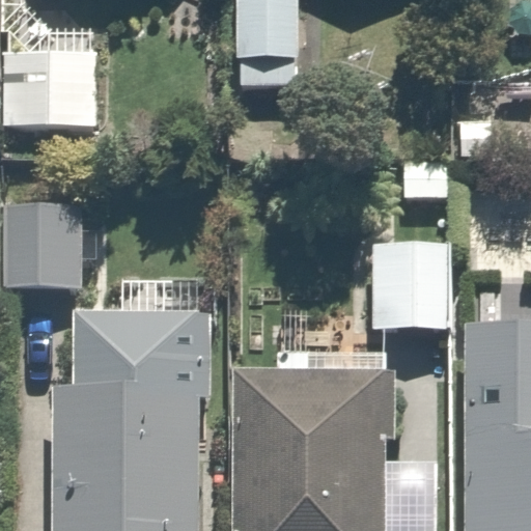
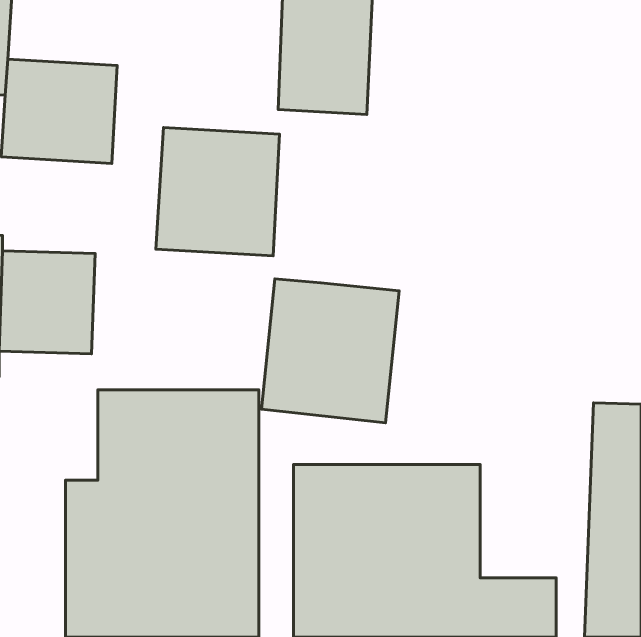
building: none -> [156,127,279,256]
building: none -> [261,279,399,423]
building: [364,235,450,333] -> none

